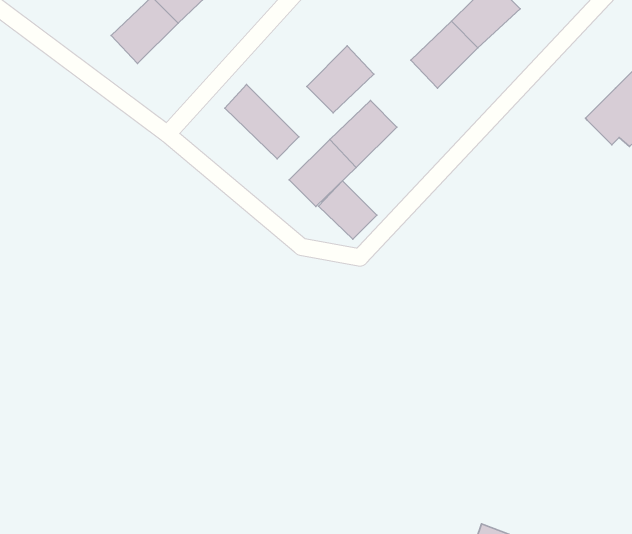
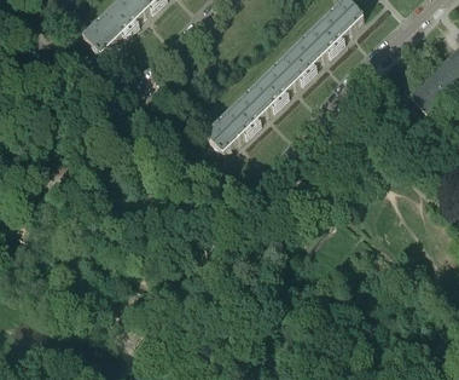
building: [307,46,374,113] -> [260,51,306,97]
building: [225,84,299,159] -> none
building: [319,181,377,239] -> none

